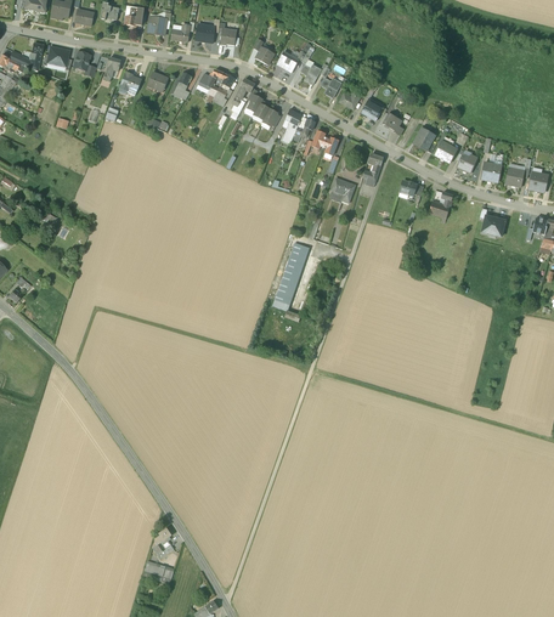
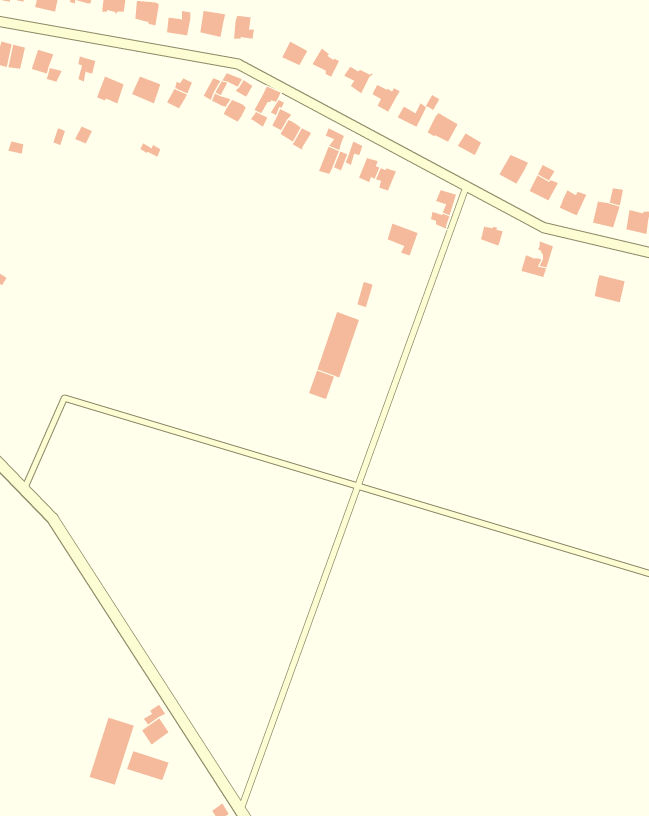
building: none -> [89,717,135,786]

